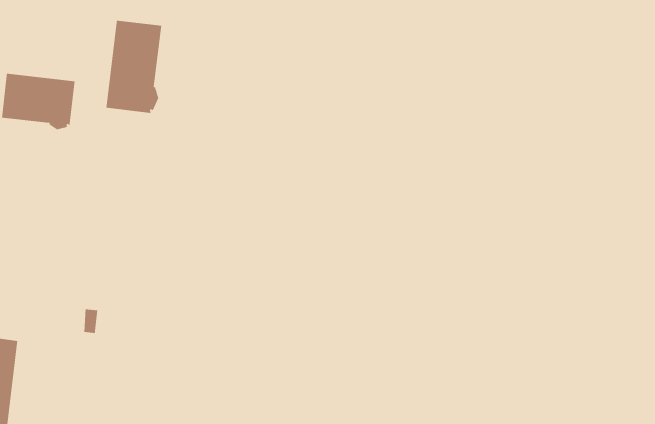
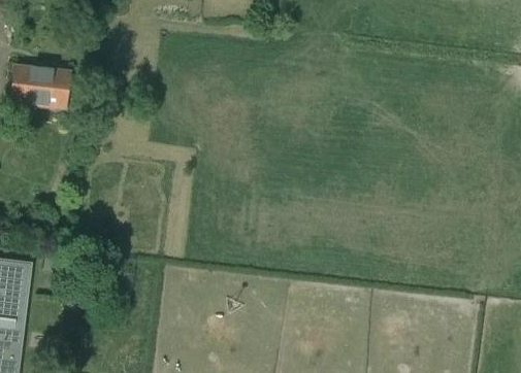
building: [106,20,162,114] -> none

